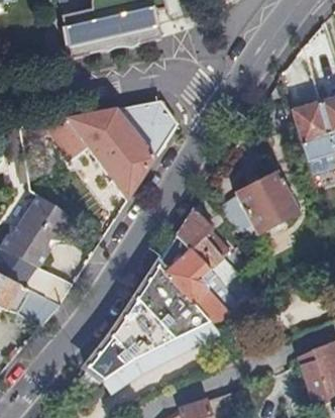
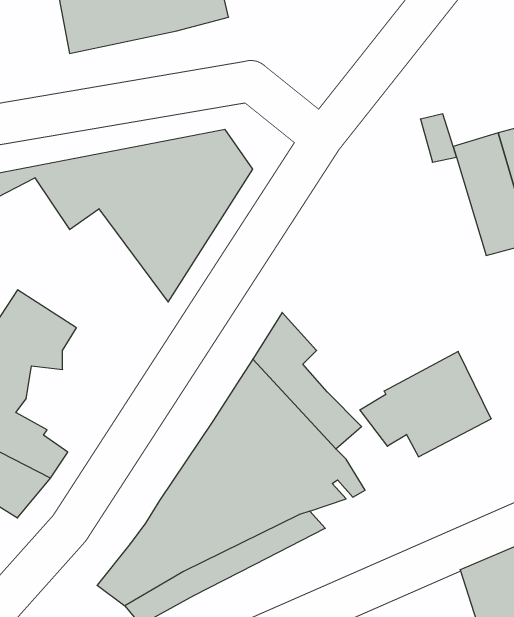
building: [221,171,298,232] -> [360,351,491,457]

